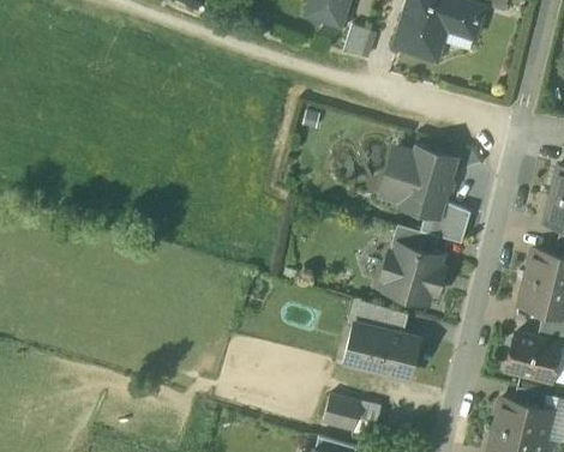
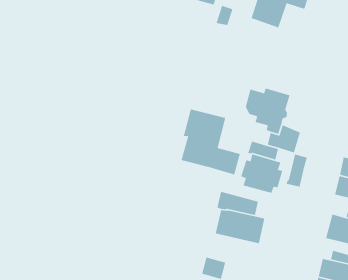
building: none -> [180,109,241,175]
building: none -> [286,153,308,187]

